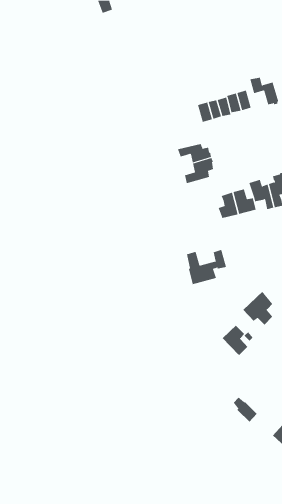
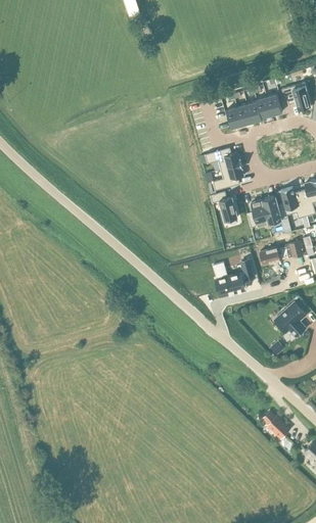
building: none -> [211,191,237,221]
building: none -> [260,240,303,264]
building: [222,325,248,356] -> none

